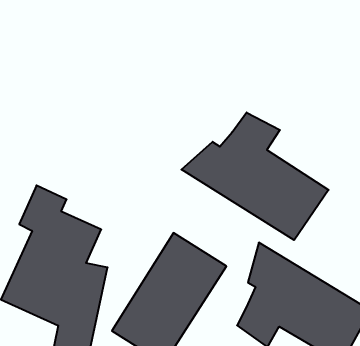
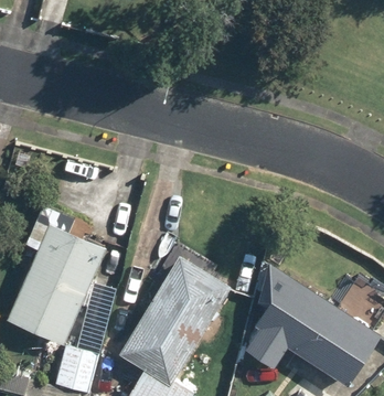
building: [181,112,329,240] -> none

